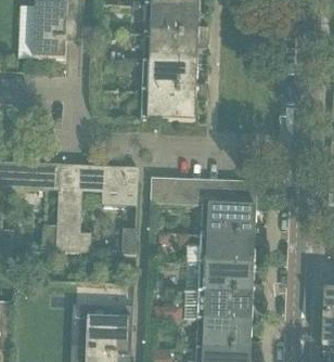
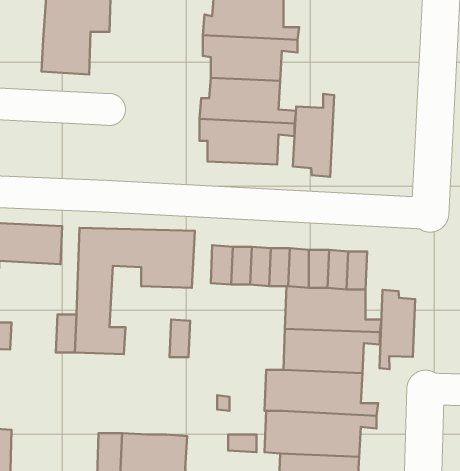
building: none -> [293,94,334,177]
building: none -> [380,290,415,369]

